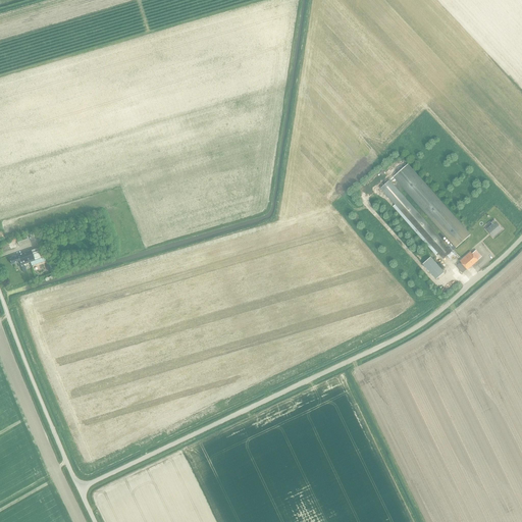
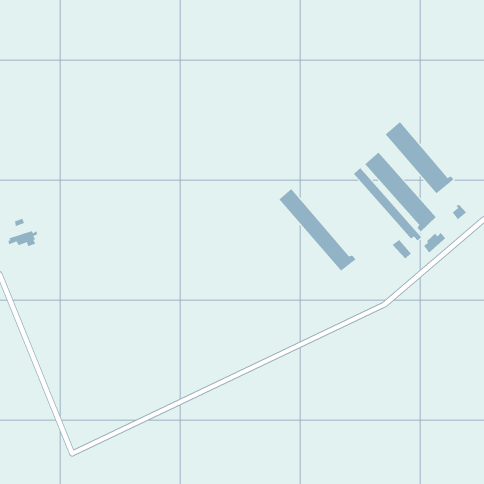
building: none -> [385,121,454,194]
building: none -> [279,188,356,272]

